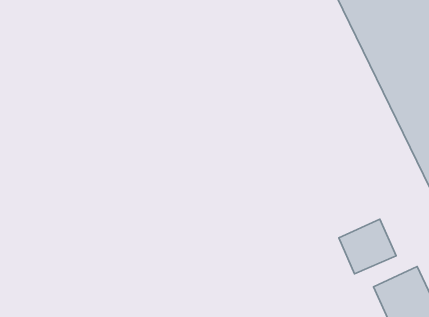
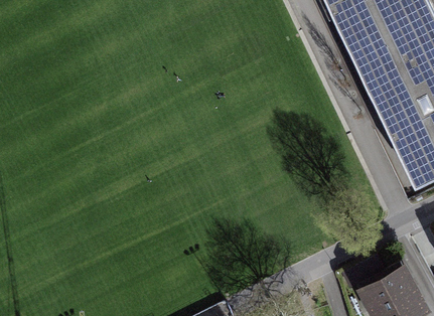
building: [339,219,396,274] -> none

